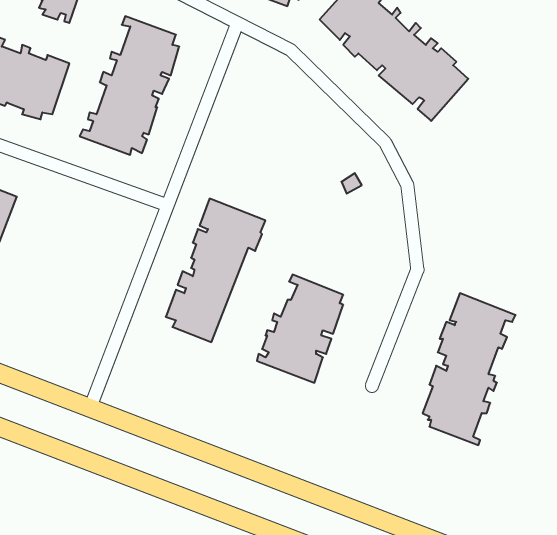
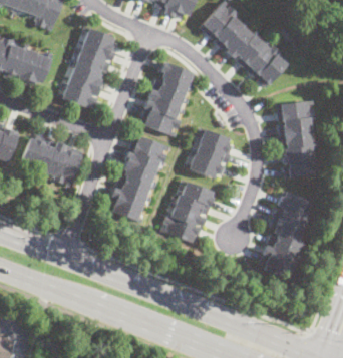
building: none -> [140,62,193,136]
building: none -> [275,99,319,178]
building: none -> [185,126,233,177]
building: none -> [20,134,84,186]

